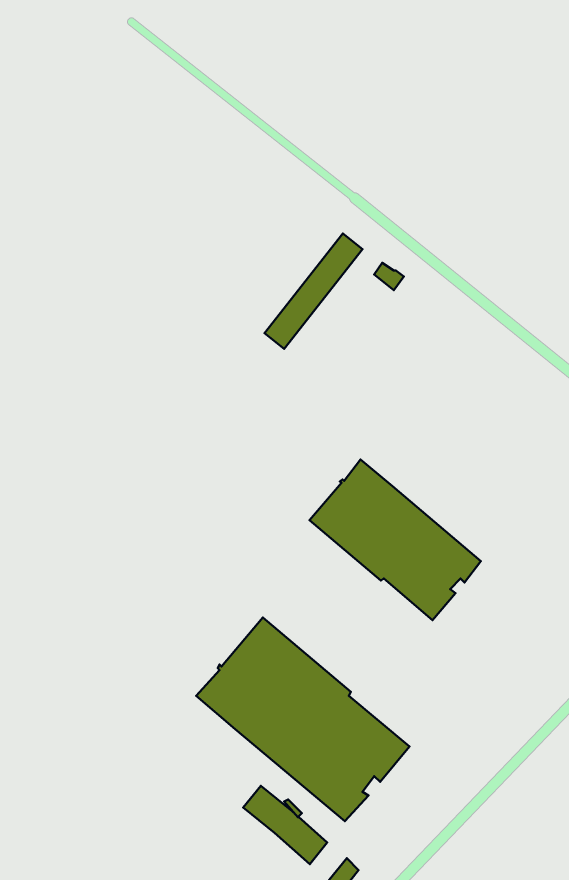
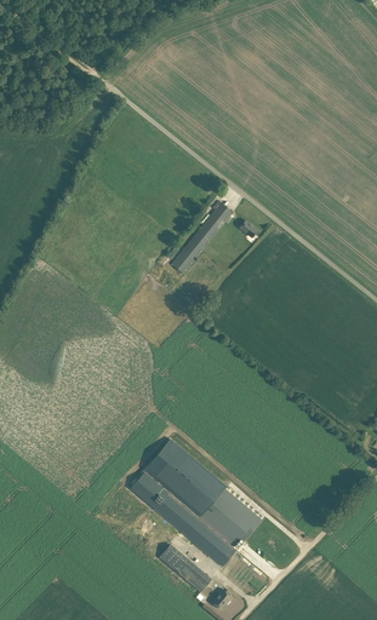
building: [310,460,481,620] -> none

